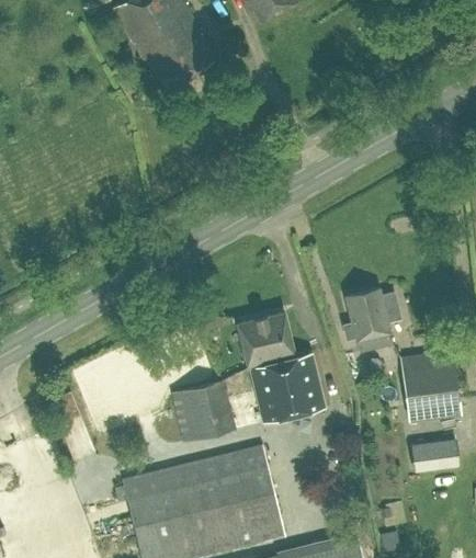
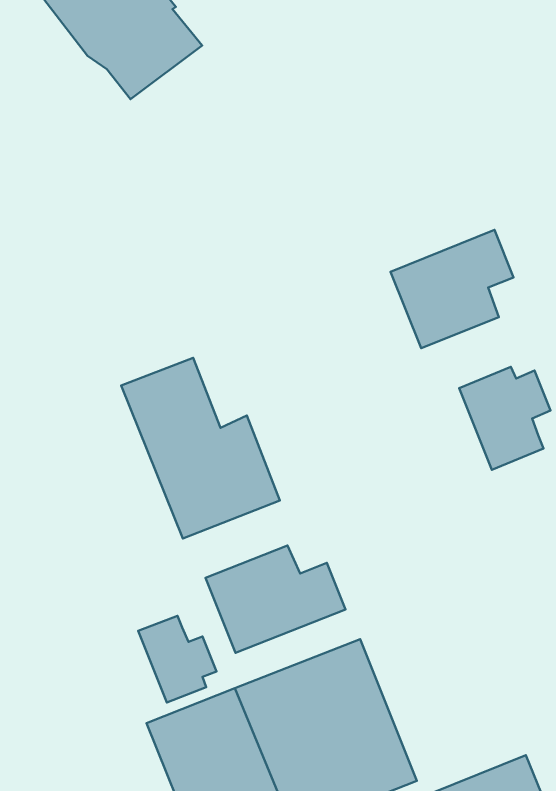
building: none -> [391,230,514,348]
building: [236,312,325,424] -> [121,358,280,539]
building: none -> [138,616,217,702]

